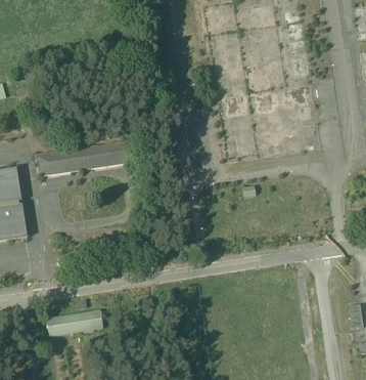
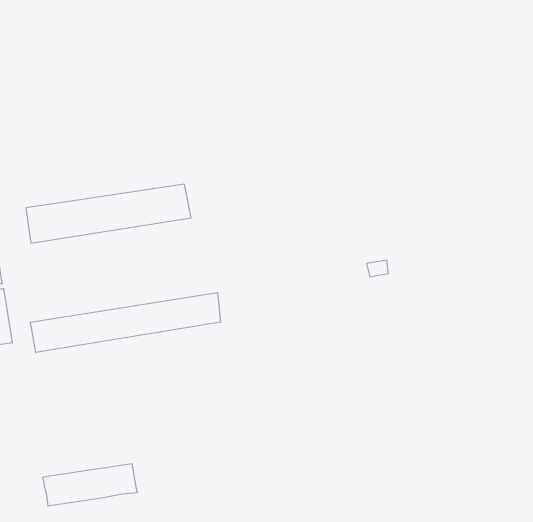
building: none -> [31,293,221,353]

